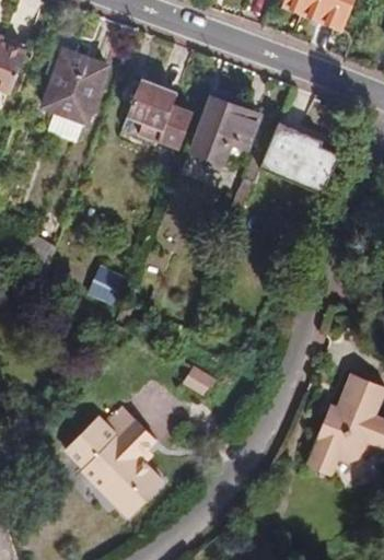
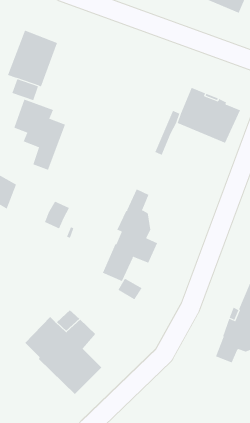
building: [126,79,193,171] -> [14,99,66,171]
building: [190,96,260,164] -> none
building: none -> [102,189,158,282]

